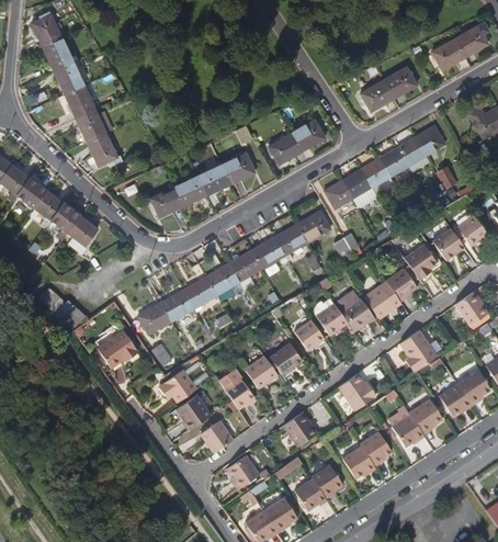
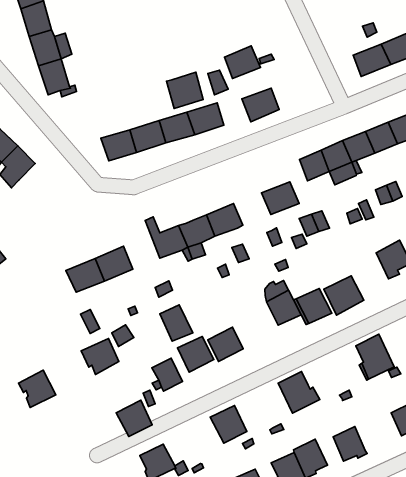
building: [293,117,326,148] -> [224,46,261,78]
building: none -> [167,72,203,108]
building: [275,223,309,253] -> none
building: [185,262,218,306] -> none
building: [386,269,418,303] -> none
building: [295,320,325,351] -> none
building: [99,329,139,366] -> none
building: none -> [160,305,193,341]
building: [177,395,211,429] -> [19,370,56,407]
building: [409,399,442,433] -> none

